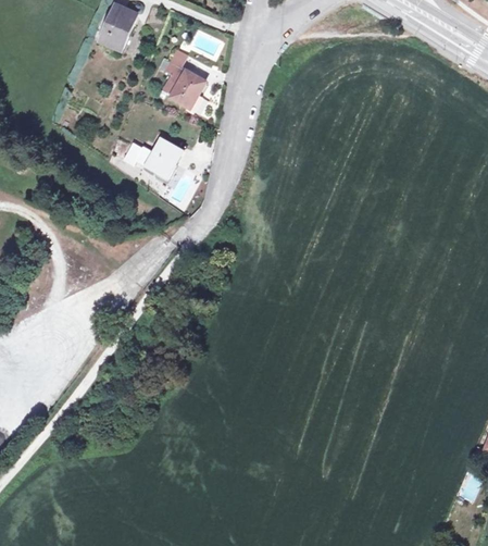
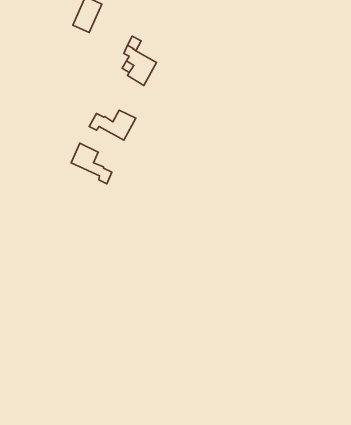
building: none -> [71,143,112,184]

